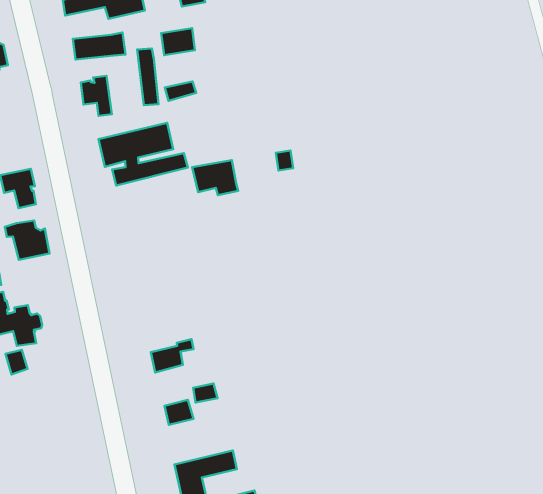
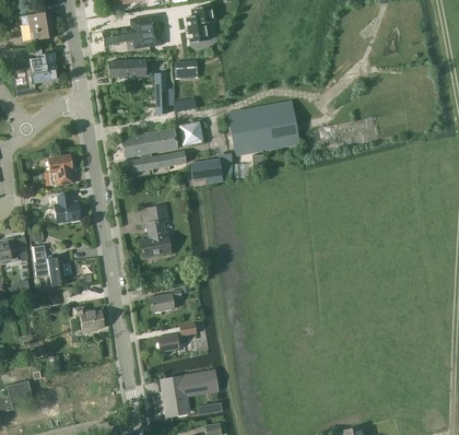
building: [81,76,112,116] -> none
building: none -> [226,101,299,155]
building: none -> [180,118,204,143]
building: none -> [141,205,168,255]
building: none -> [73,305,104,333]

